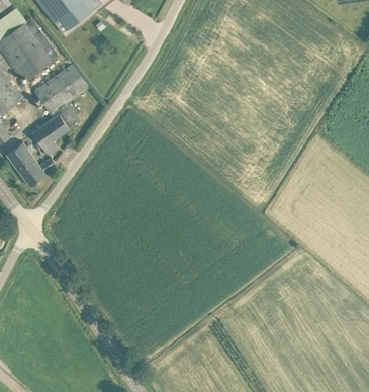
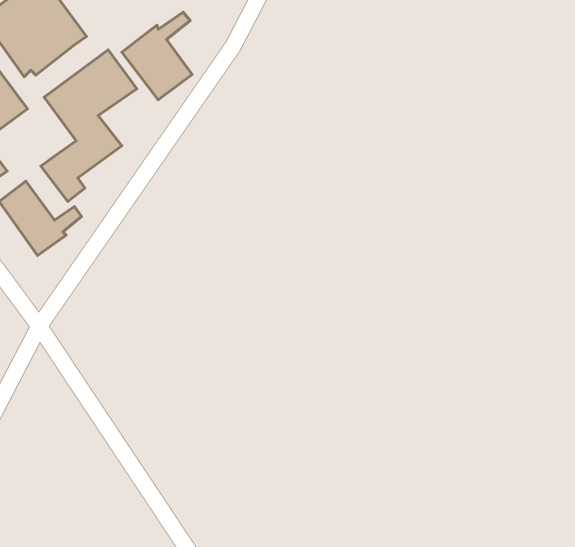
building: none -> [122,12,192,100]

